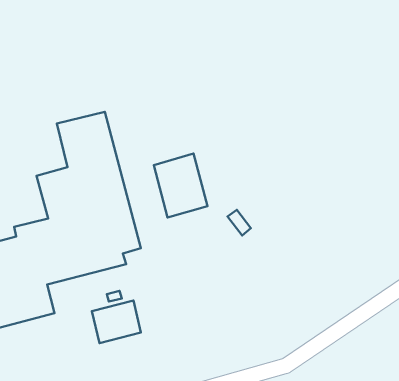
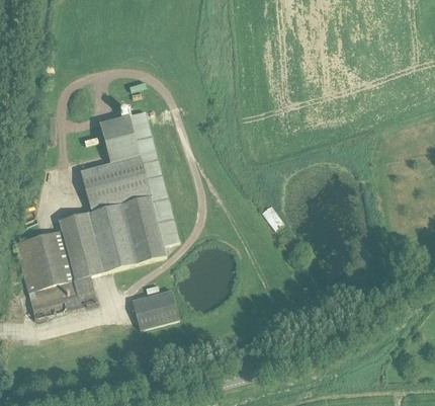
building: [154,154,208,218] -> none

